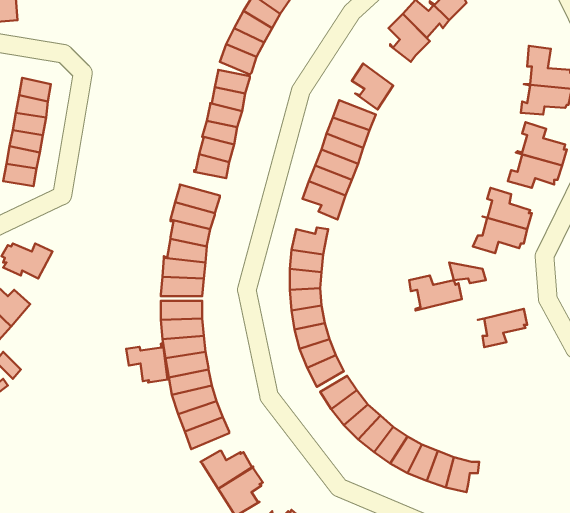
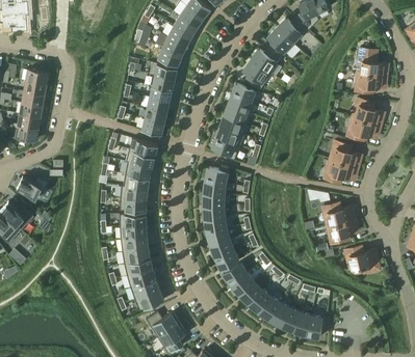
building: none -> [251,48,282,74]
building: [409,275,462,310] -> [321,203,356,226]
building: [126,343,167,383] -> none
building: none -> [343,247,380,273]

